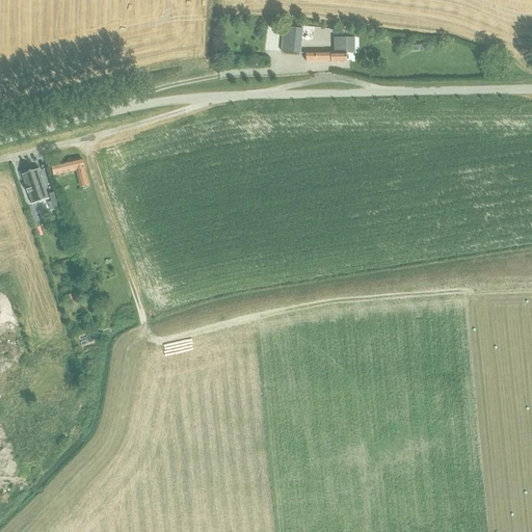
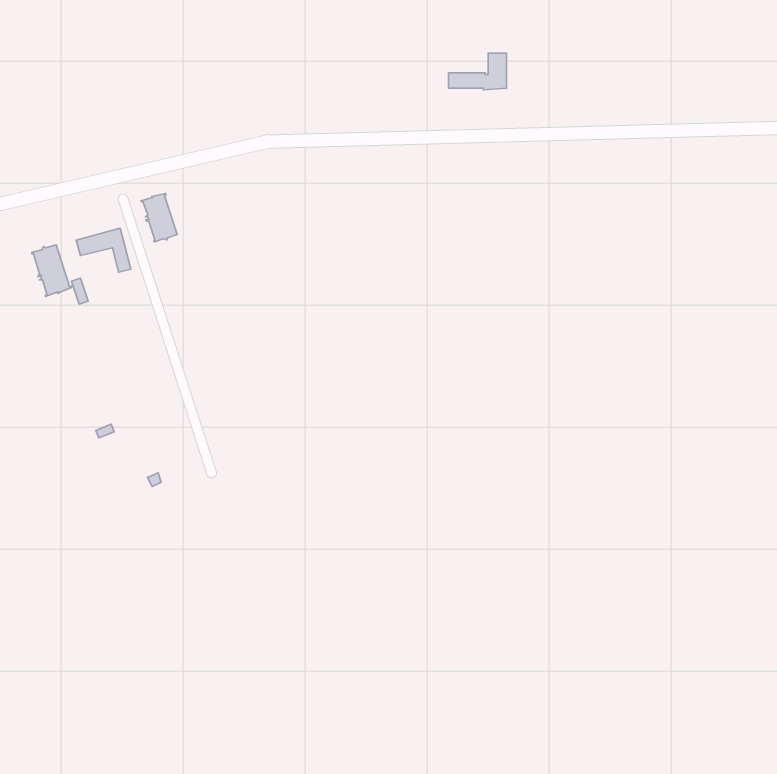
building: [282,26,302,52] -> none
building: none -> [141,194,177,242]

